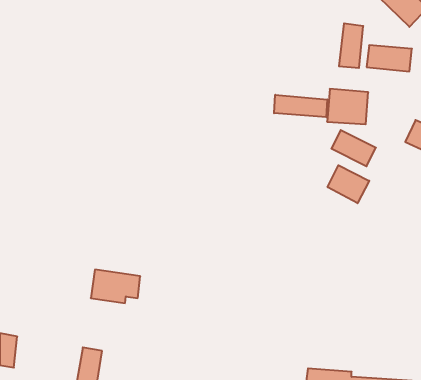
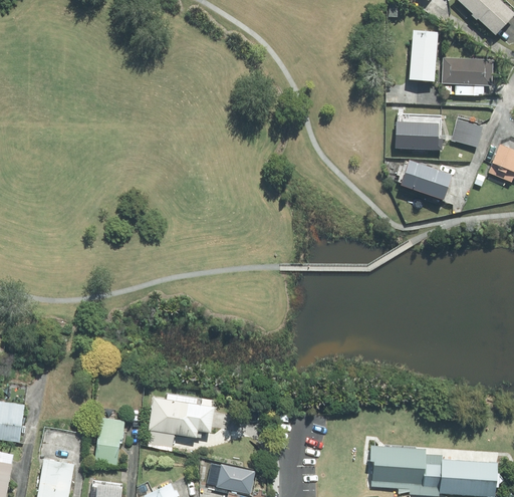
building: [274,95,327,117] -> none
building: none -> [451,118,483,149]
building: [328,165,369,203] -> none
building: [91,270,140,303] -> [155,399,214,439]

